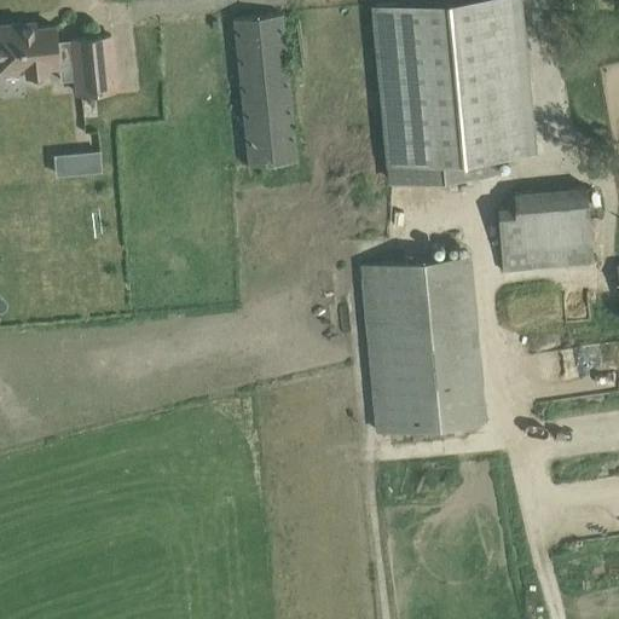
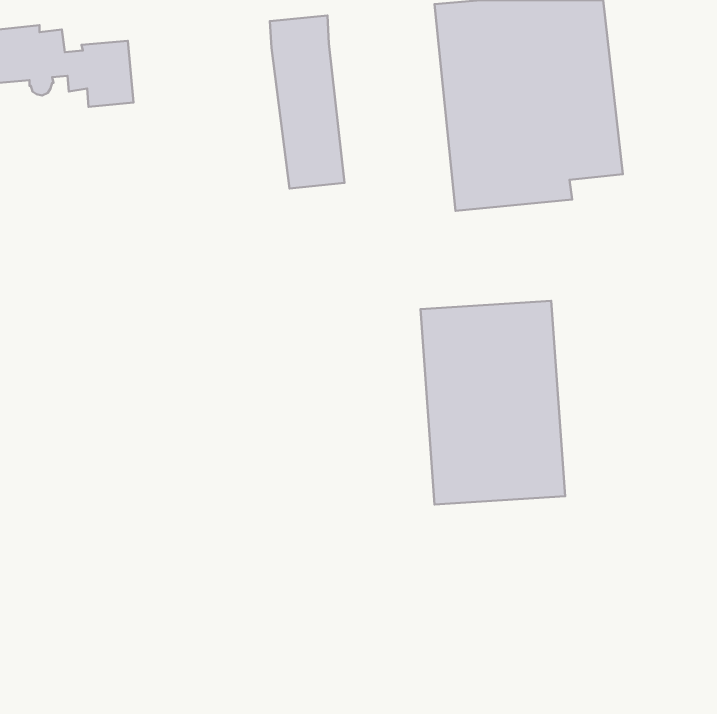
building: [53,152,99,177] -> none
building: [494,187,592,273] -> none

